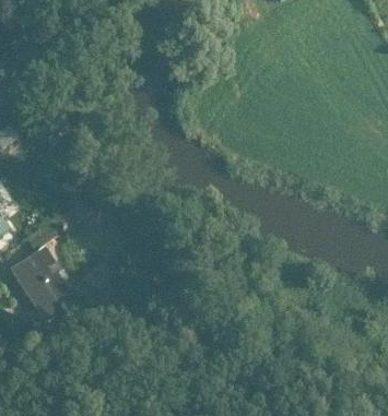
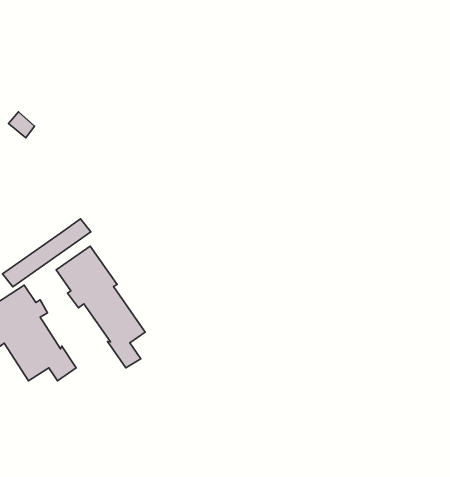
building: none -> [56,246,145,368]

